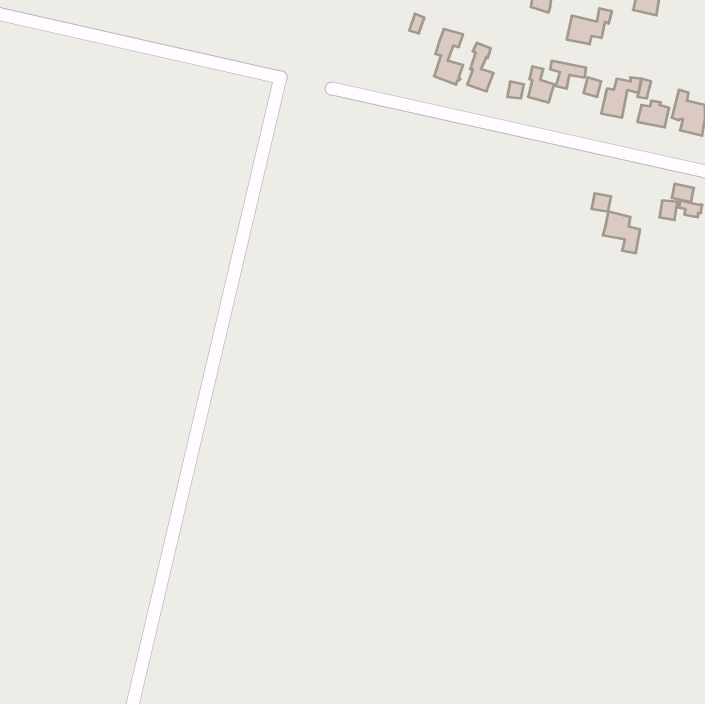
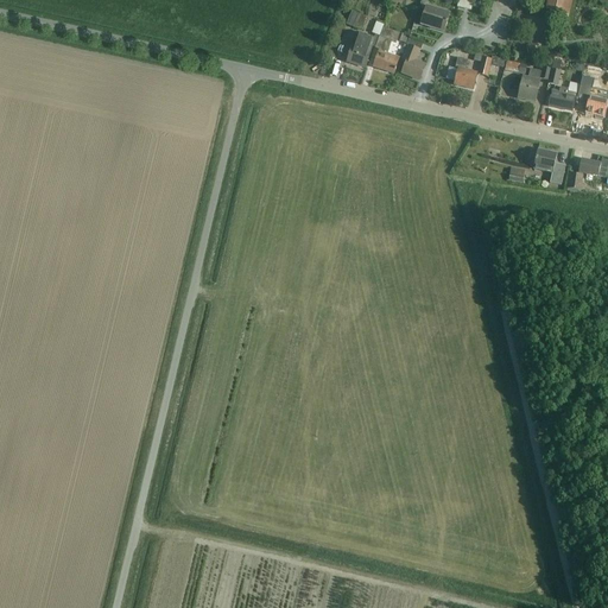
building: none -> [419,5,449,31]
building: [567,8,612,44] -> none
building: none -> [346,33,378,66]
building: [603,212,640,253] -> [532,148,564,184]

